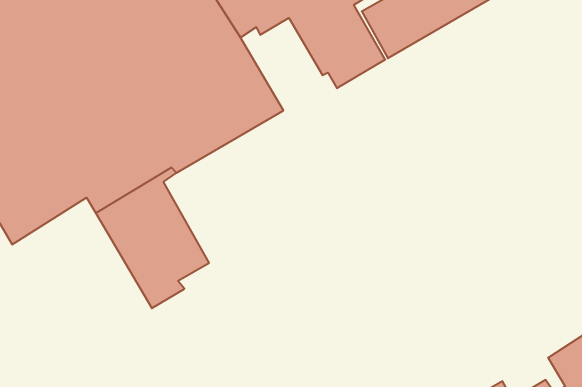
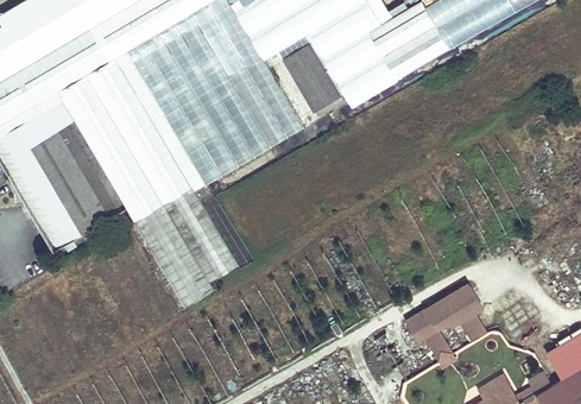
building: none -> [283,42,343,115]
building: none -> [438,286,486,341]
building: none -> [409,313,455,366]

